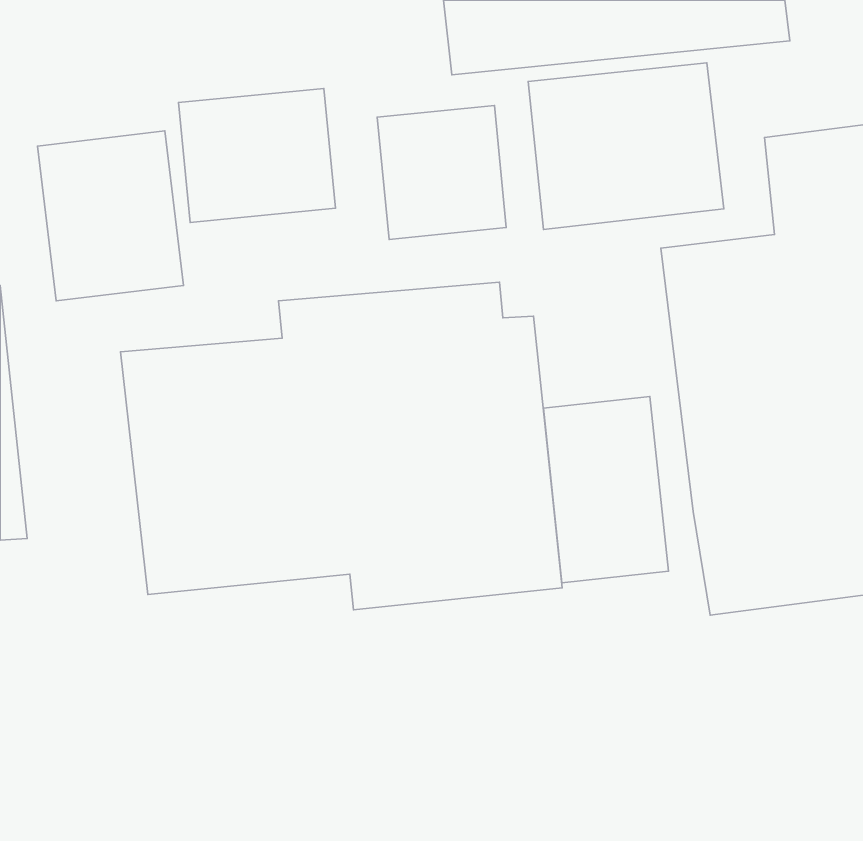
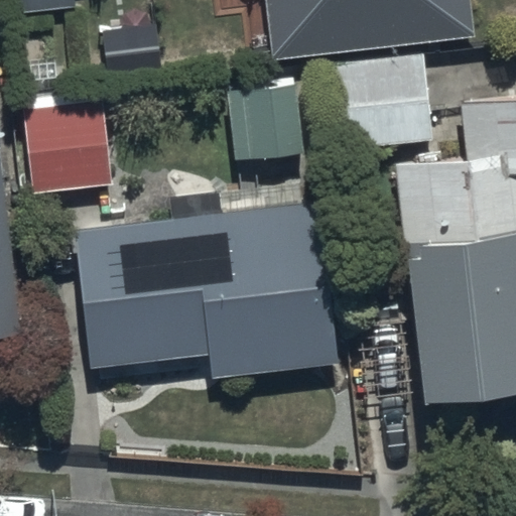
building: [178,88,335,222] -> none
building: [543,397,668,583] -> none

